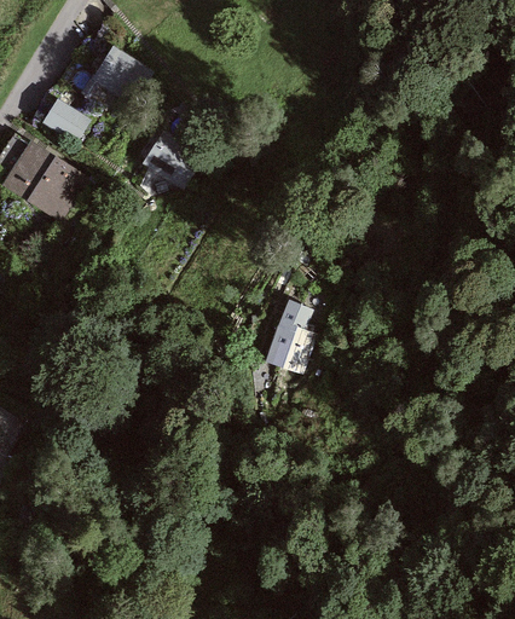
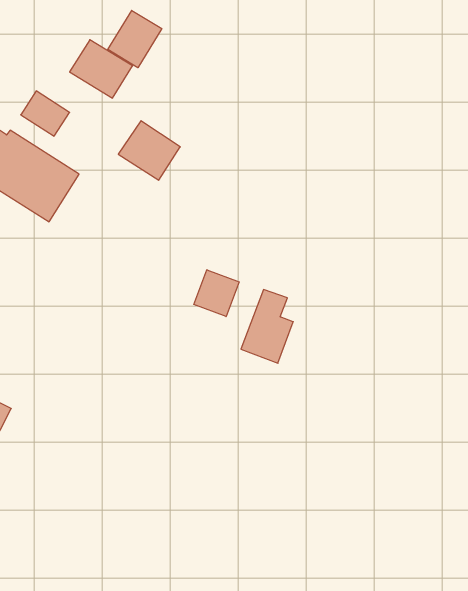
building: none -> [108,10,162,68]
building: none -> [194,270,239,317]

